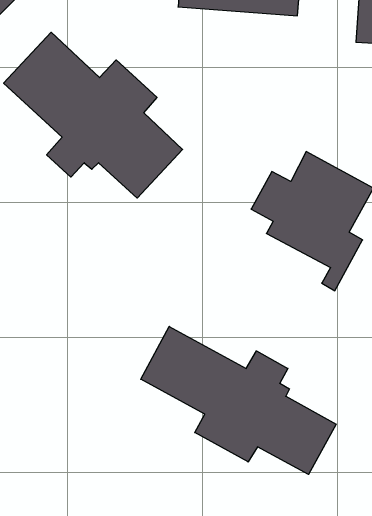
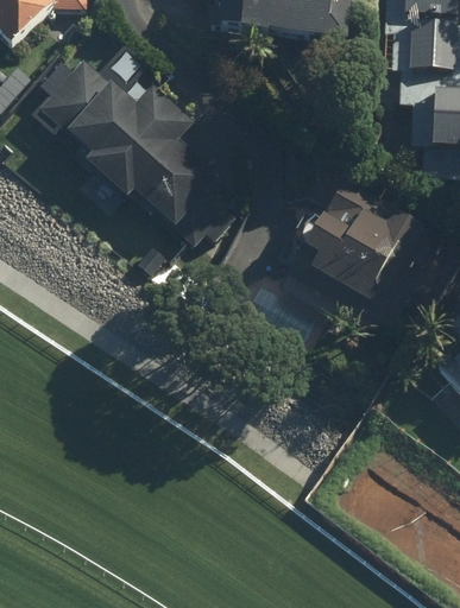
building: [141,326,336,474] -> none

